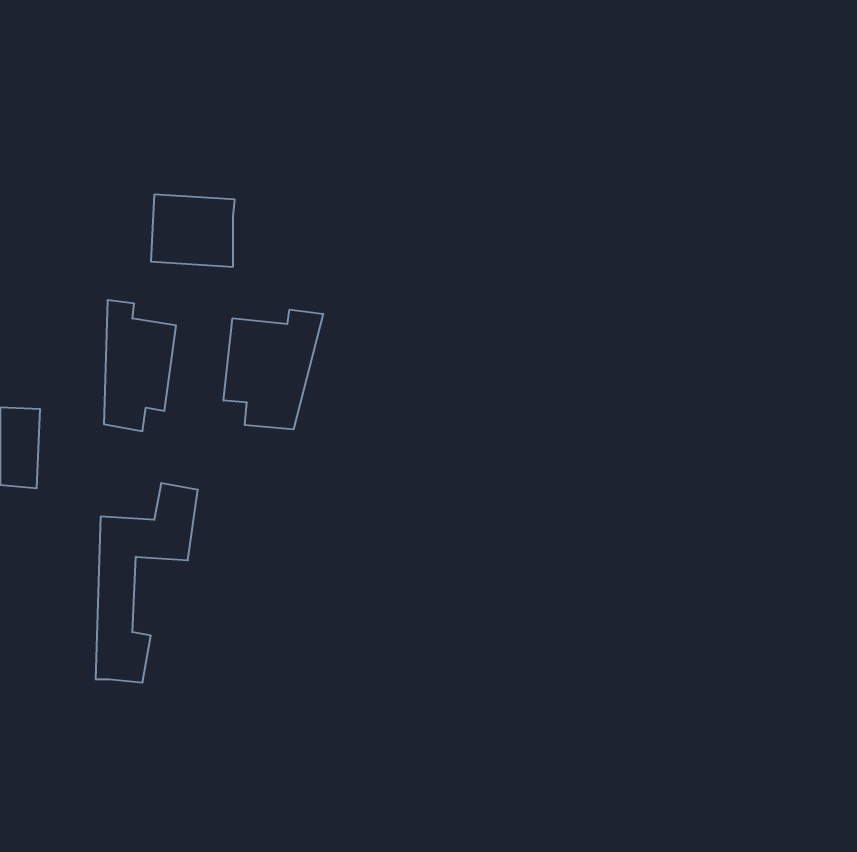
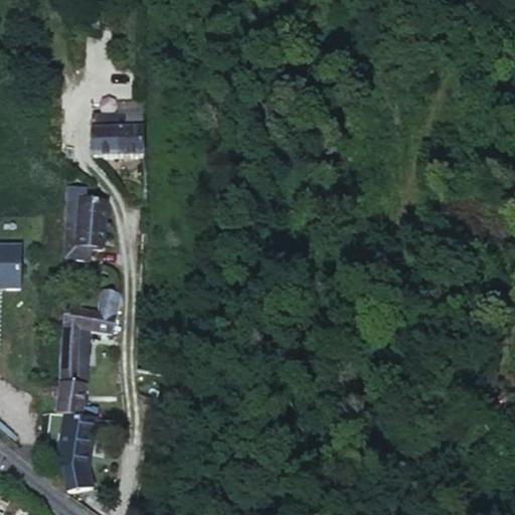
building: [224,310,323,429] -> none
building: none -> [57,407,100,507]

